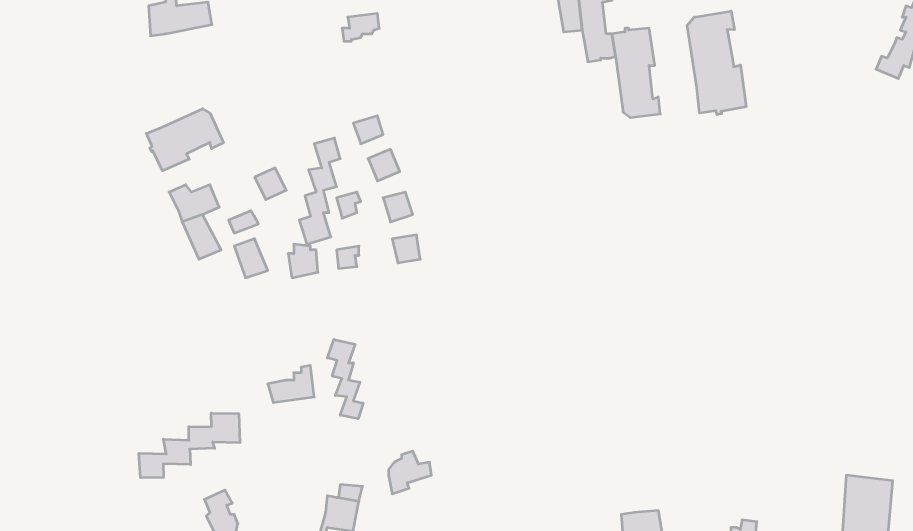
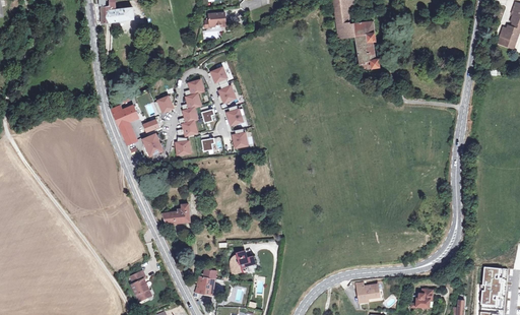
building: [687,11,746,115] -> none
building: [146,109,223,171] -> none
building: [327,339,363,419] -> none
building: [139,413,240,478] -> none

